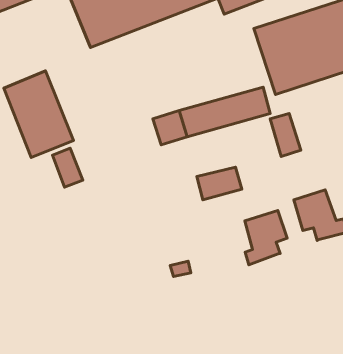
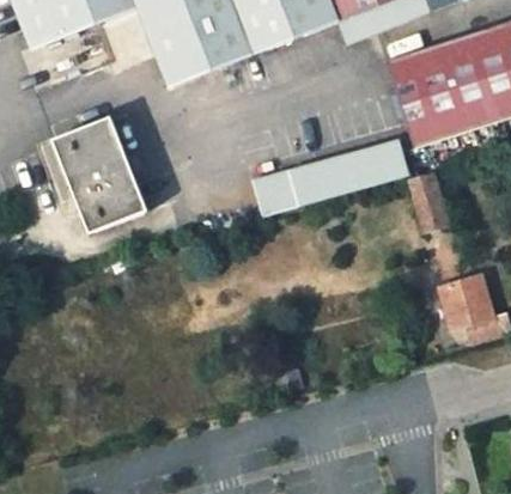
building: [53,148,83,187] -> none
building: [197,167,242,200] -> none
building: [245,210,287,265] -> none

